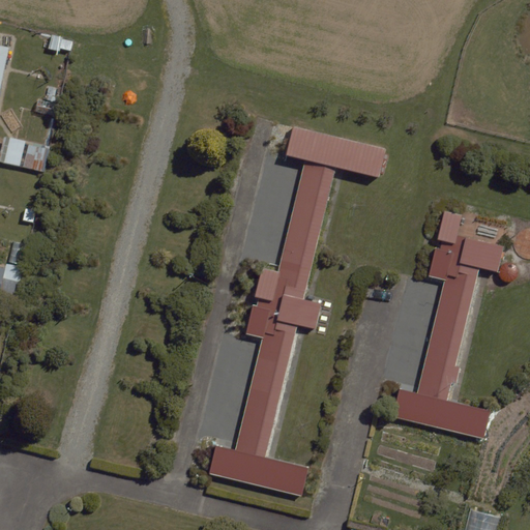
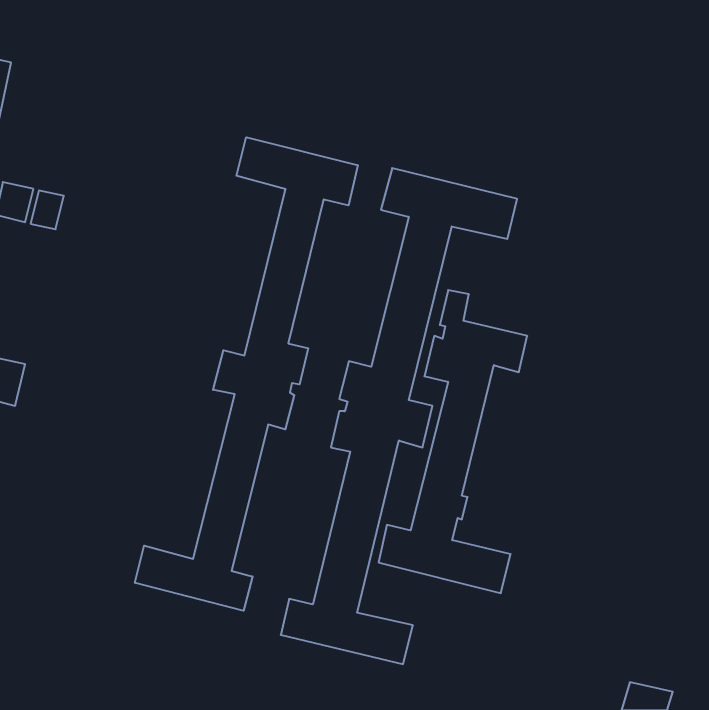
building: none -> [135,137,358,611]
building: [392,213,503,439] -> [379,290,527,593]

